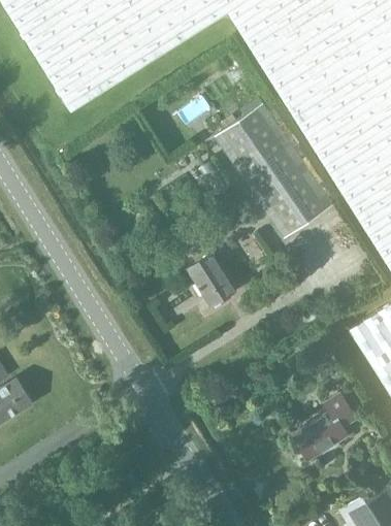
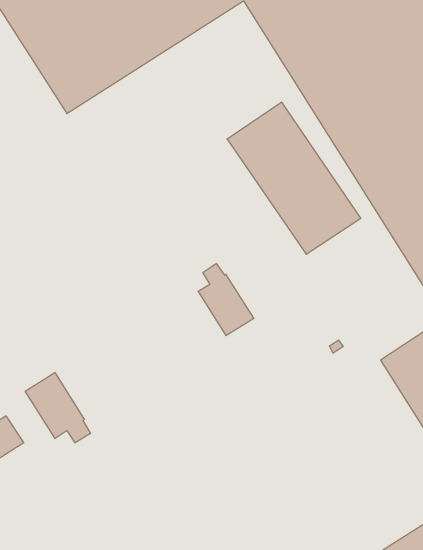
building: none -> [25,373,90,443]
building: [292,392,355,458] -> none

